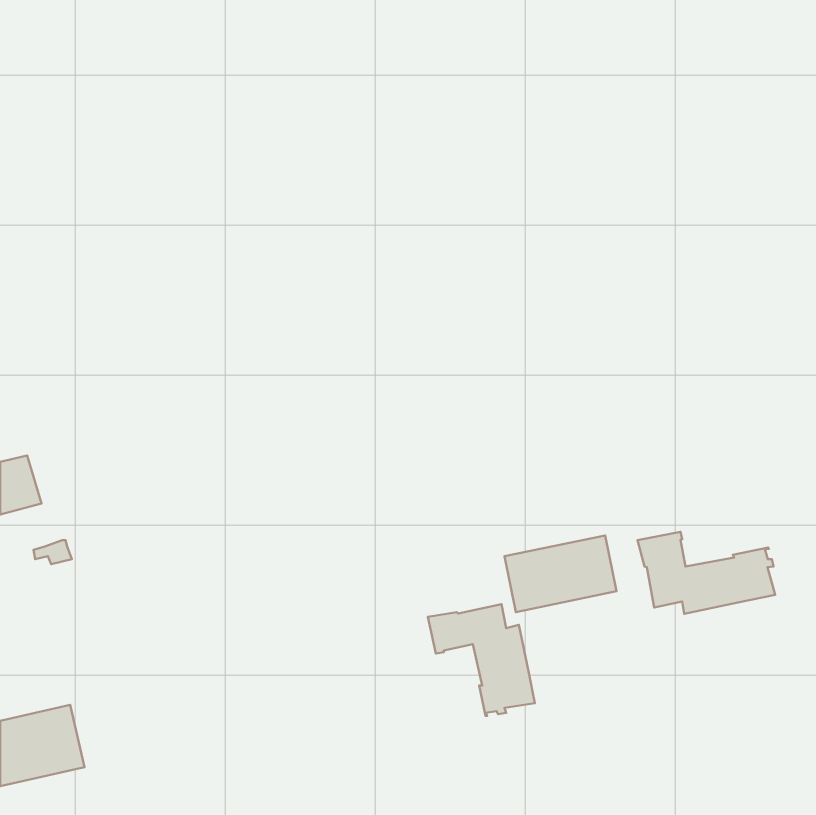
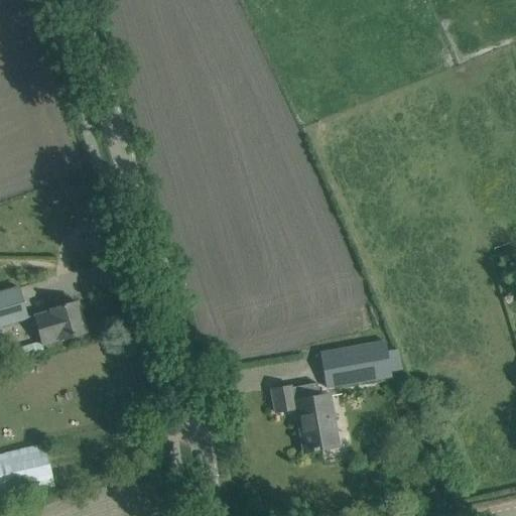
building: none -> [38,301,86,344]
building: [638,532,775,614] -> none

